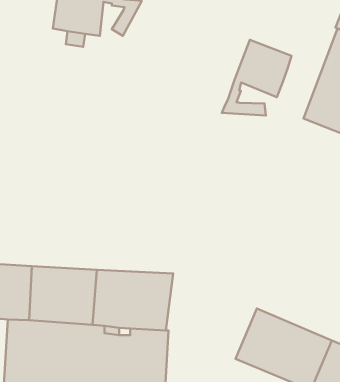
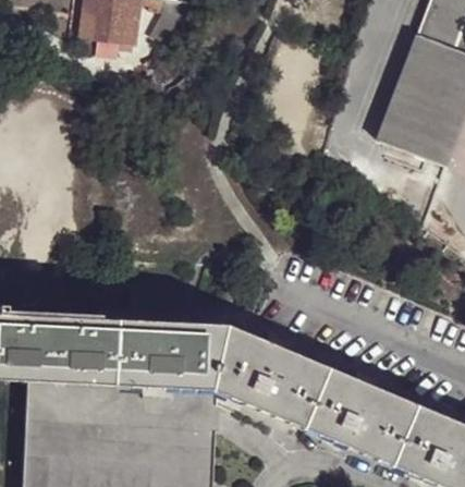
building: [222,40,292,116] -> none
building: none -> [216,325,323,426]

